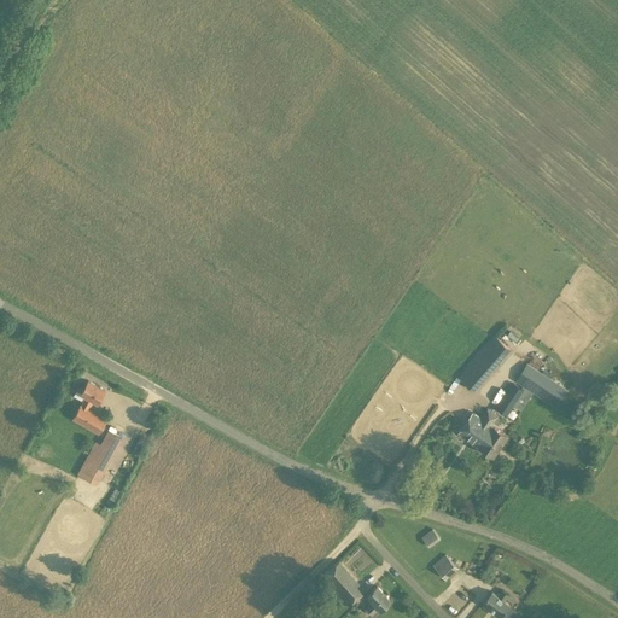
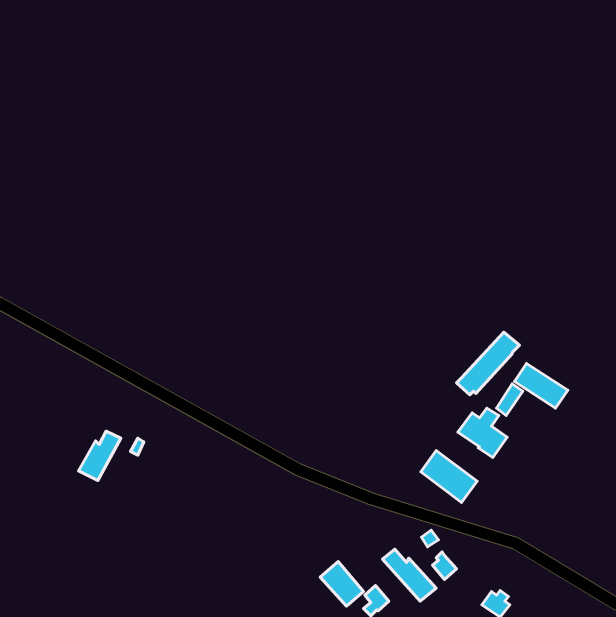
building: [70,380,105,433] -> none
building: none -> [421,451,477,502]
building: none -> [383,549,436,601]

